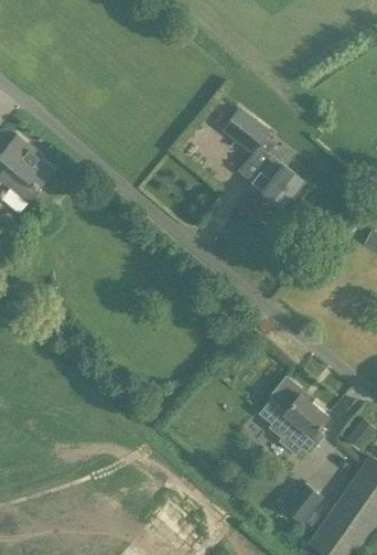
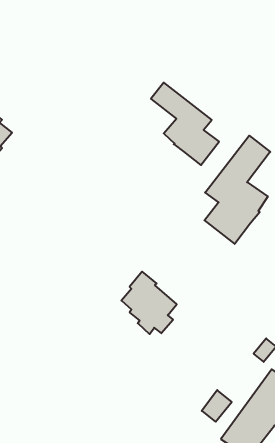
building: none -> [204,136,270,244]
building: [260,377,327,453] -> [121,272,177,334]

